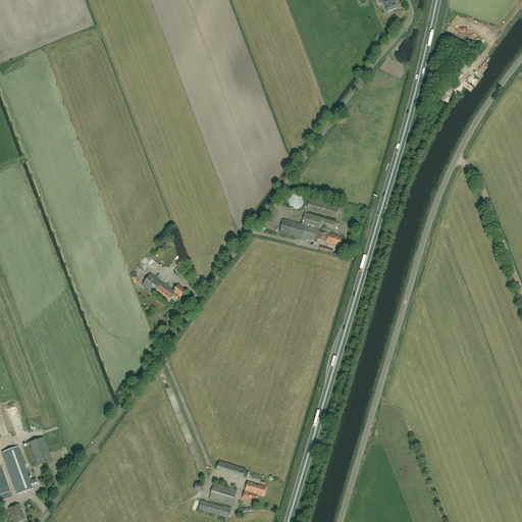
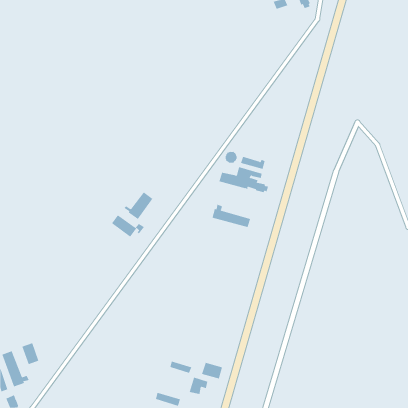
building: none -> [123,192,153,220]
building: none -> [212,204,251,228]
building: [208,483,236,505] -> [201,362,223,379]

